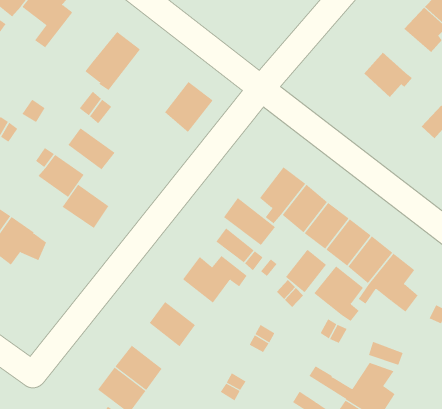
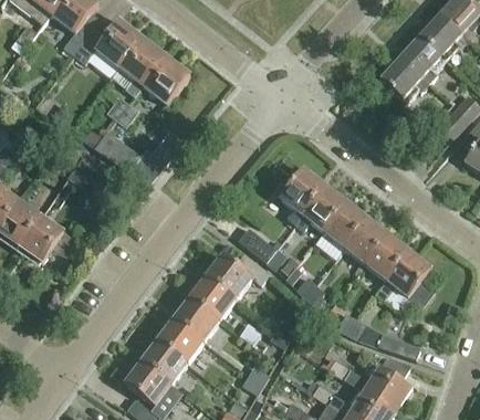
building: none -> [74,19,143,67]
building: none -> [399,35,448,83]
building: [164,81,214,133] -> [143,55,190,105]
building: [62,184,109,229] -> none
building: [223,197,276,246] -> none
building: [285,249,327,293] -> none
building: [313,266,364,322] -> none
building: none -> [189,276,236,321]
building: none -> [157,318,204,363]

